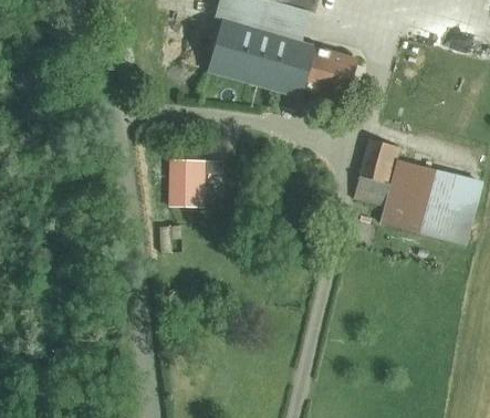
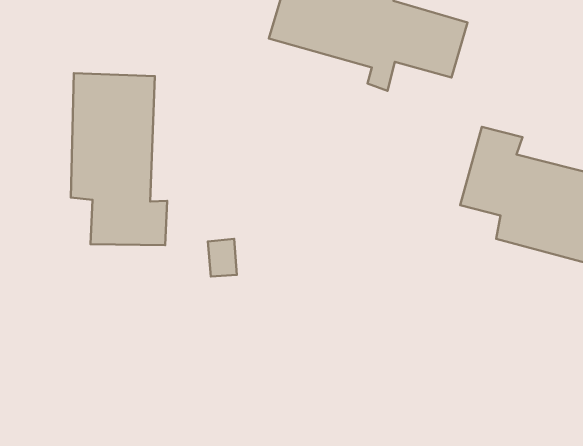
building: none -> [71,73,167,245]
building: [168,158,205,206] -> none

